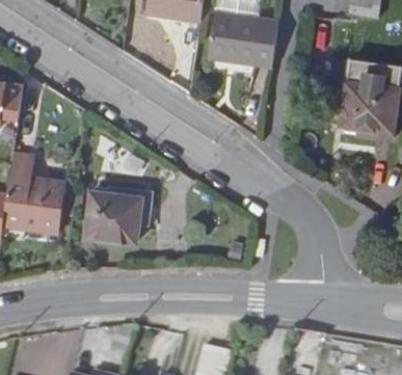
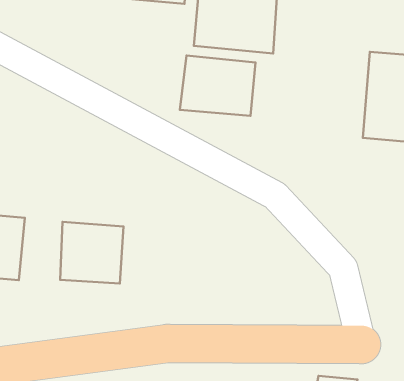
building: none -> [180,56,255,116]

